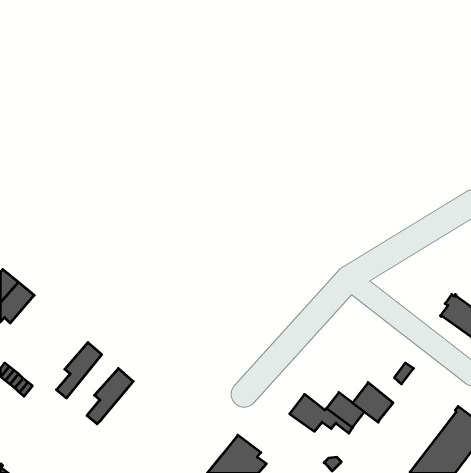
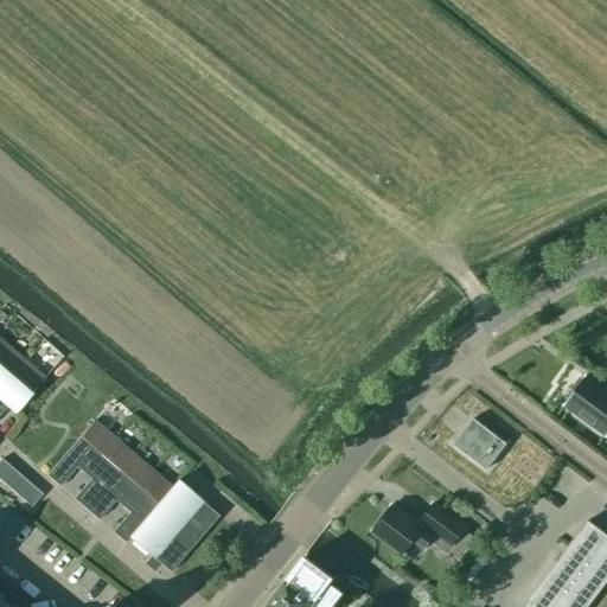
building: none -> [47,421,115,487]
building: none -> [88,454,154,520]
building: none -> [132,481,219,573]
building: [352,382,393,422] -> [455,418,507,469]

